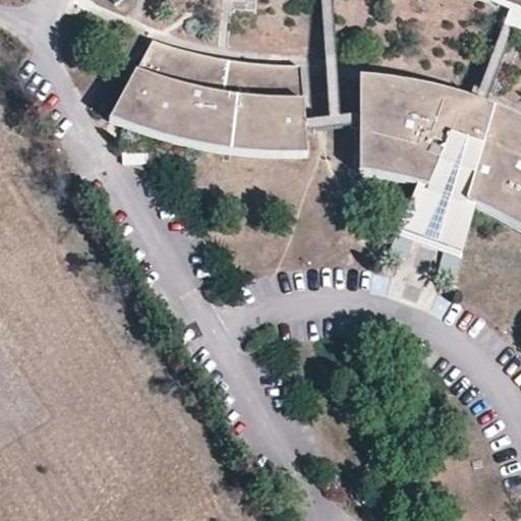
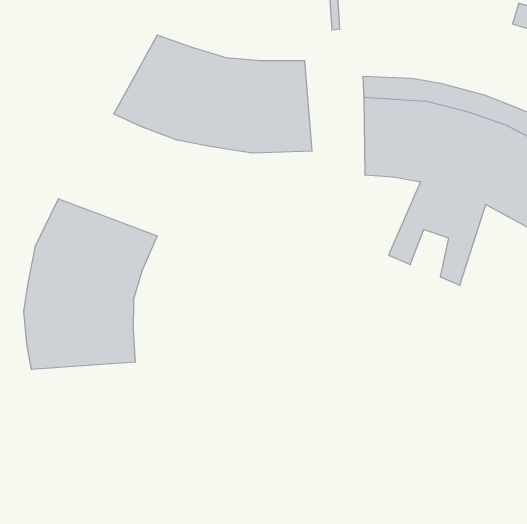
building: none -> [24,199,157,370]

